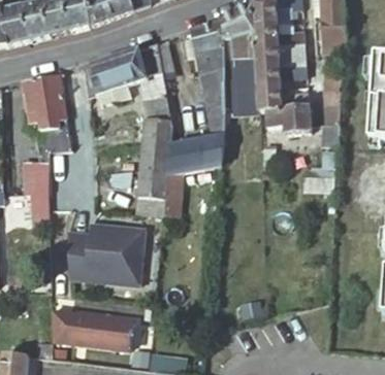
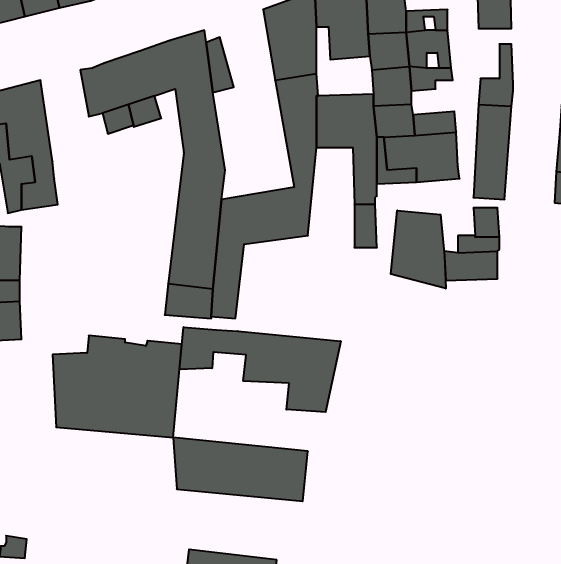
building: none -> [391,210,446,289]
building: none -> [180,327,341,412]
building: [53,314,133,352] -> [173,437,308,501]

